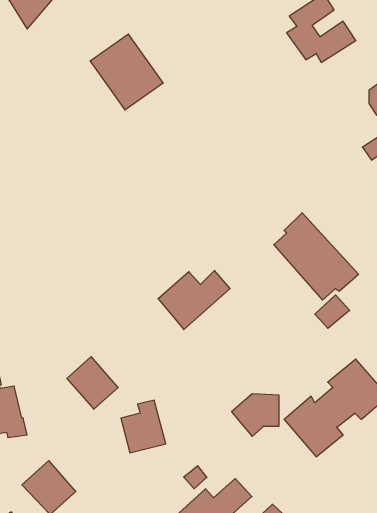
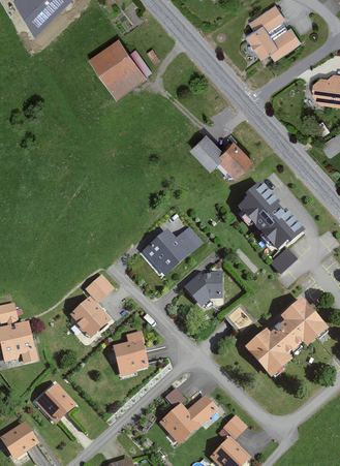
building: none -> [190,132,253,177]
building: none -> [85,275,114,303]
building: [232,394,279,436] -> [185,272,223,306]

